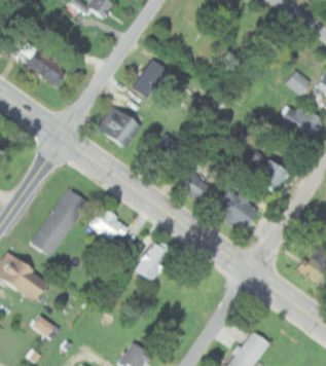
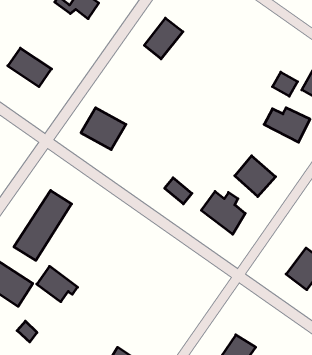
building: [133,60,171,100] -> [144,18,183,59]
building: [88,207,129,242] -> [37,266,78,302]
building: [136,242,174,282] -> none

